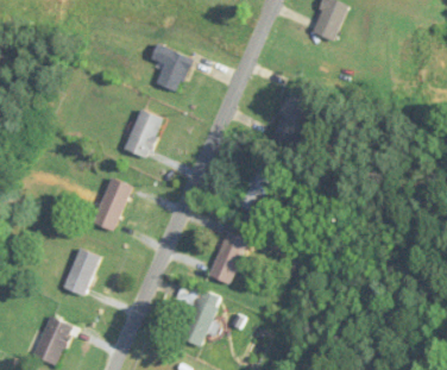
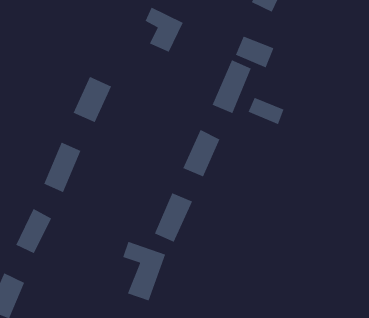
building: [150,43,191,92] -> [144,7,184,53]
building: none -> [235,35,274,69]
building: none -> [248,97,285,125]

